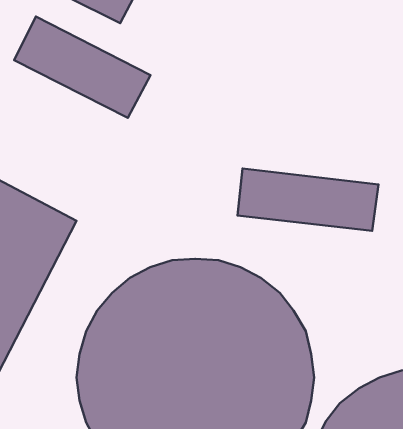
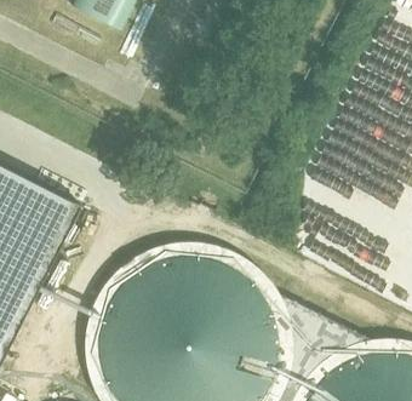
building: [14,16,151,118] -> none
building: [238,168,379,231] -> none

